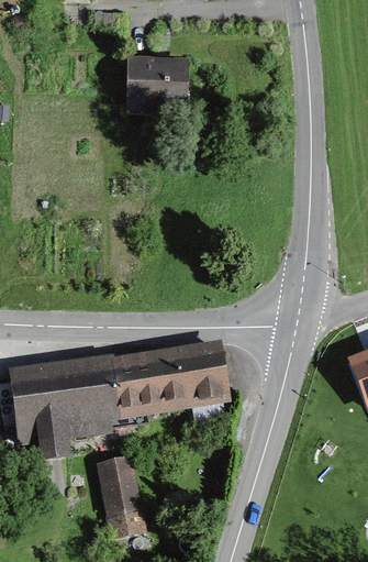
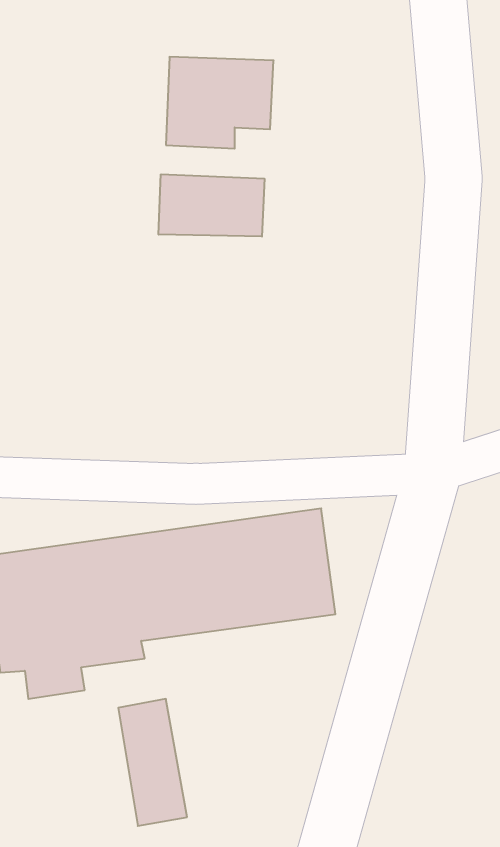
building: none -> [159,174,264,237]

